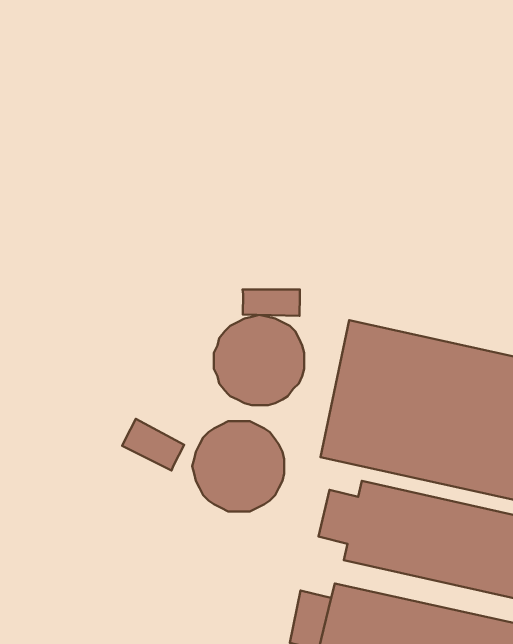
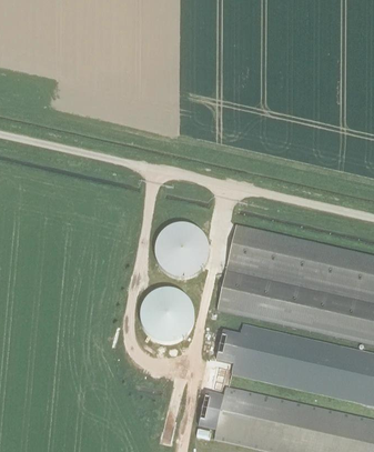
building: [243,289,300,316] -> none
building: [122,419,184,471] -> none

